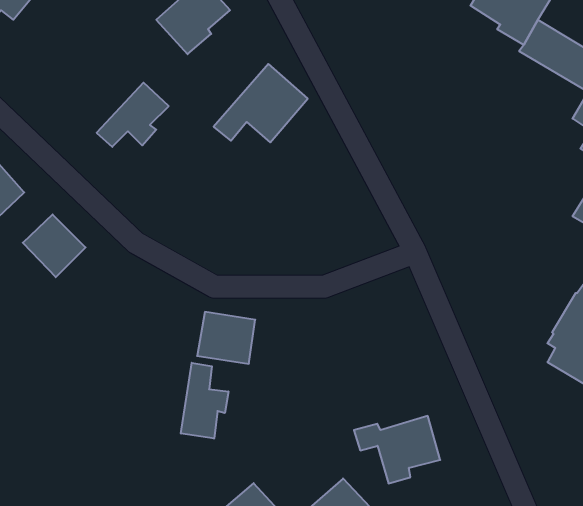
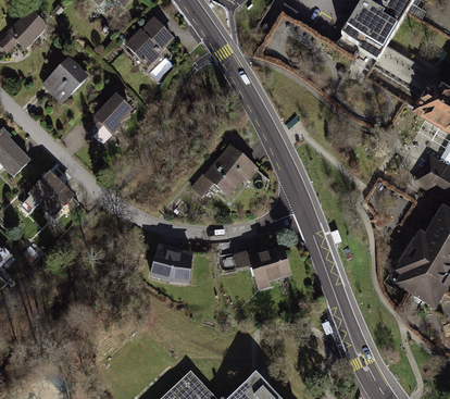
building: none -> [43,53,88,99]
building: [214,64,308,142] -> [190,139,255,194]
building: [181,363,228,439] -> none
building: [354,416,440,483] -> [233,244,292,290]

